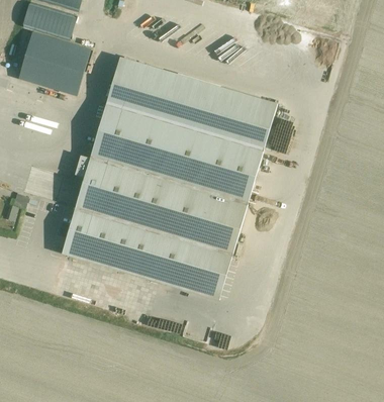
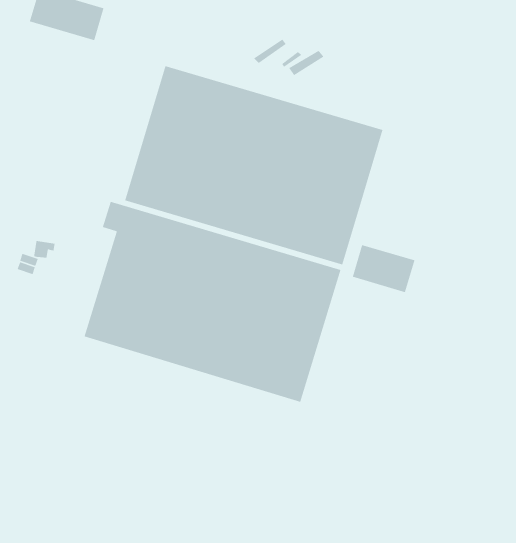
building: [18,29,91,94] -> none
building: none -> [352,244,416,293]

